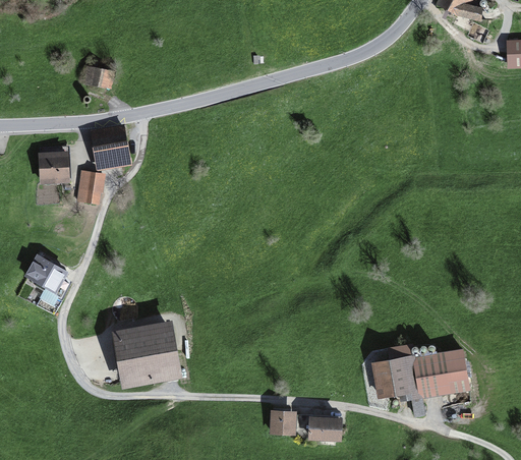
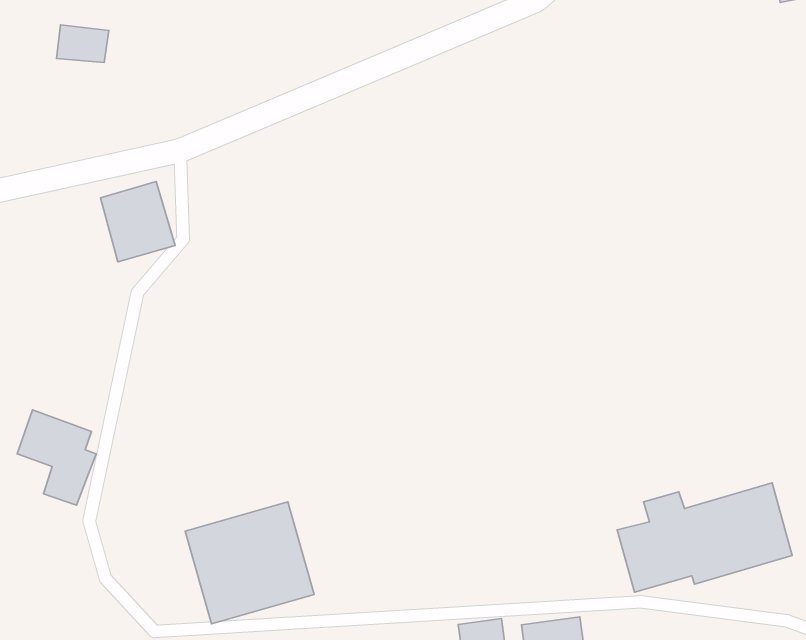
building: [82,65,115,91] -> [56,25,109,63]
building: [40,153,73,185] -> none
building: [82,172,105,194] -> none

